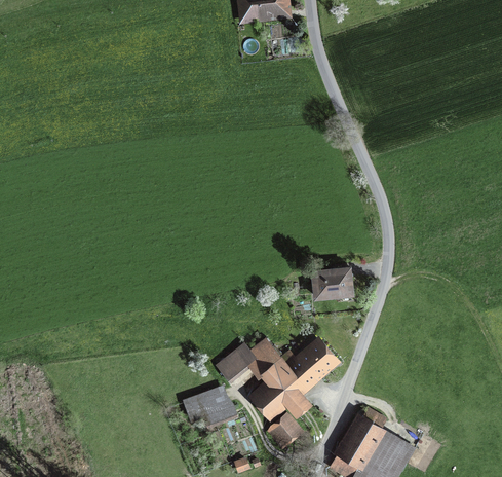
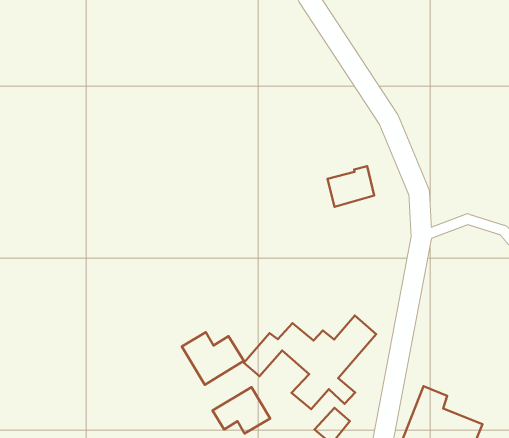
building: [313,267,350,297] -> [328,166,374,207]
building: none -> [182,332,244,385]

